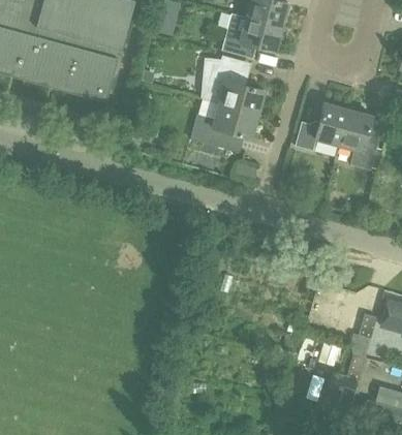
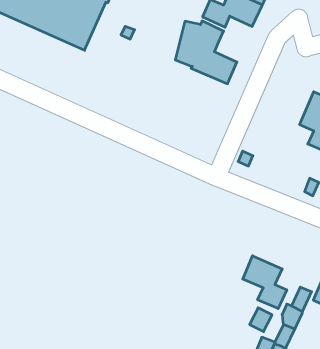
building: [295,103,347,151] -> none
building: [189,104,257,148] -> none
building: none -> [243,256,287,309]

